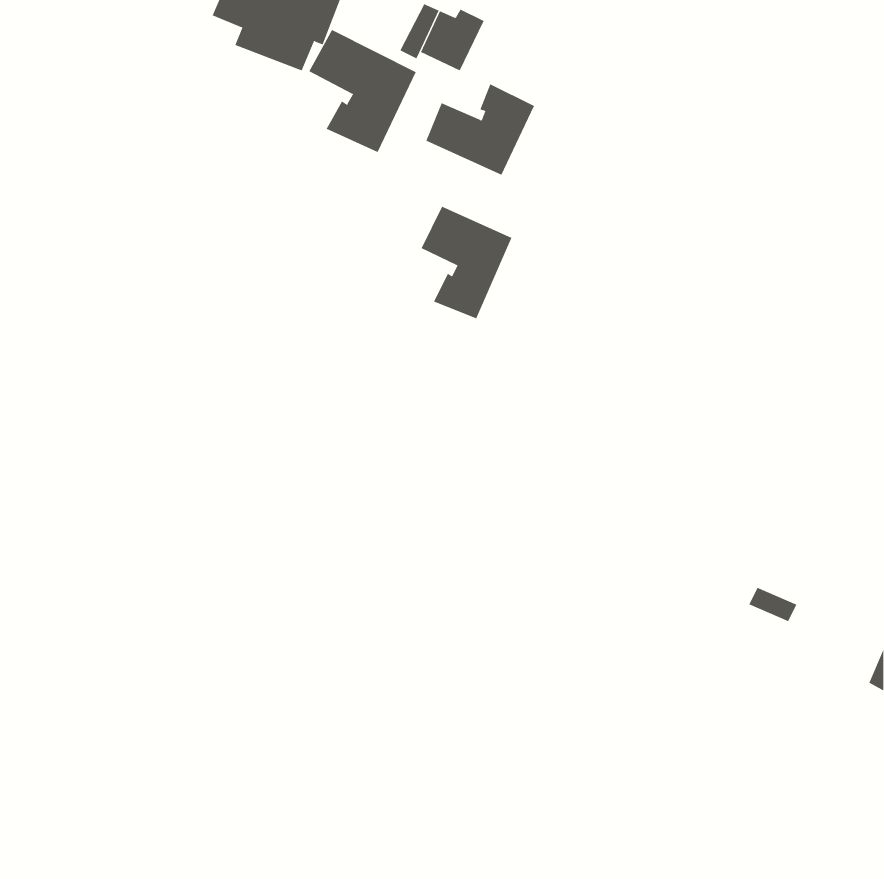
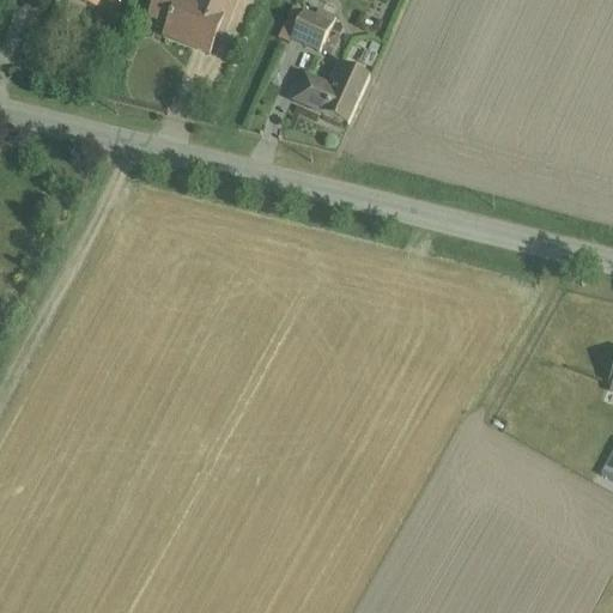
building: [309,29,417,153] -> none
building: [421,206,512,319] -> none

